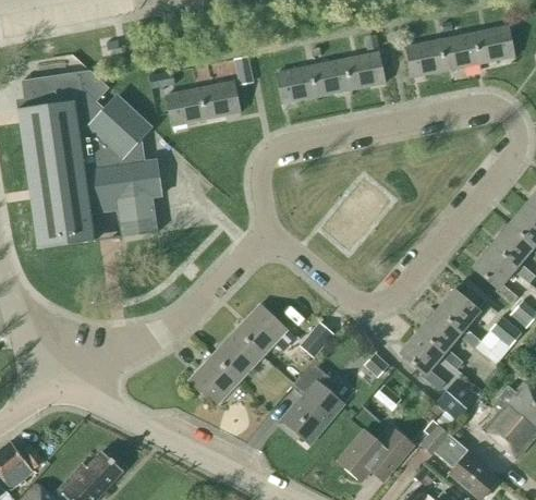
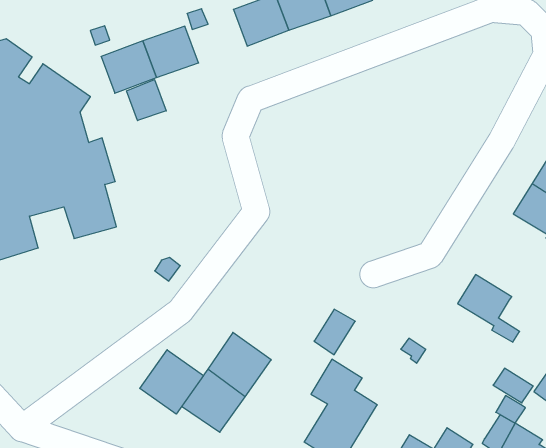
building: none -> [127,80,166,121]
building: [436,289,482,347] -> none
building: [237,303,289,354] -> none
building: [401,331,446,389] -> none
building: none -> [140,350,204,414]

